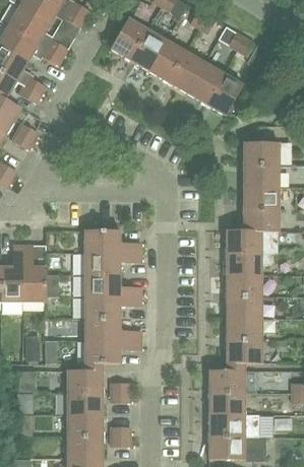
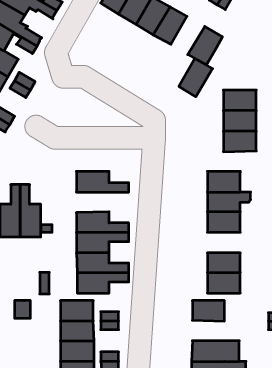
building: [186,62,223,104] -> [179,58,213,97]
building: [243,208,279,231] -> none
building: [83,253,140,275] -> none
building: [226,296,261,319] -> none
building: [209,392,244,414] -> none

